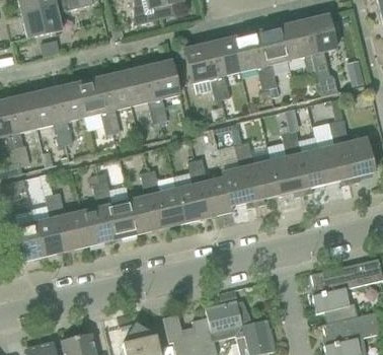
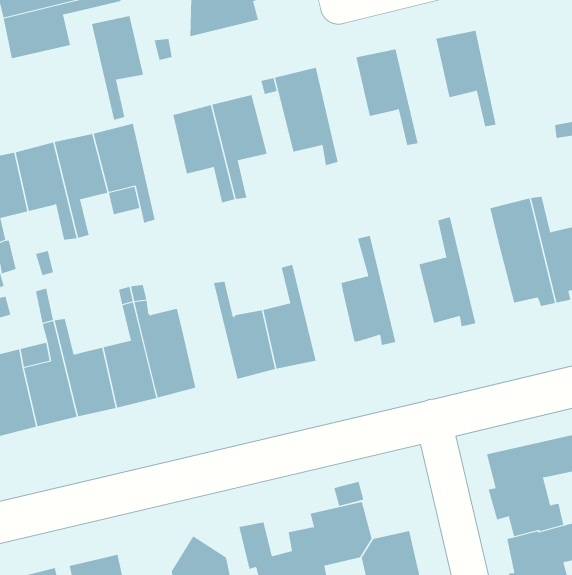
building: [305,13,338,94] -> none
building: [257,24,289,87] -> none
building: [210,36,241,98] -> none
building: [100,70,132,133] -> [91,15,144,121]
building: [290,130,327,195] -> none
building: [242,140,280,206] -> none
building: [196,157,233,217] -> none
building: [130,170,162,233] -> none

